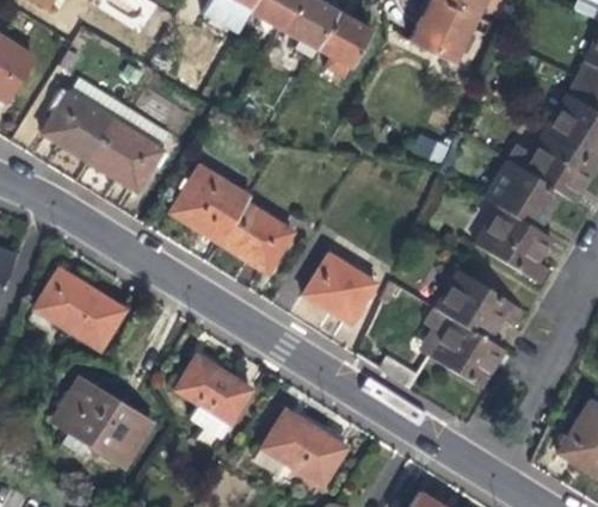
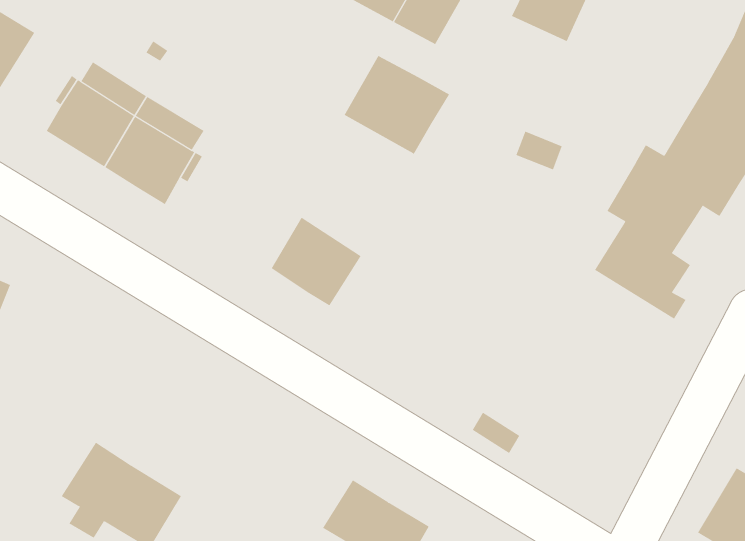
building: none -> [344,55,450,155]
building: [173,167,248,242] -> none
building: [304,254,376,324] -> none
building: [36,270,125,350] -> none
building: [427,270,524,389] -> none
building: [177,355,252,438] -> none

